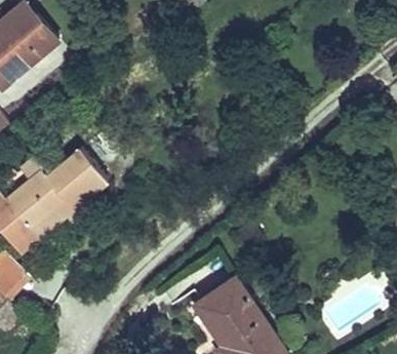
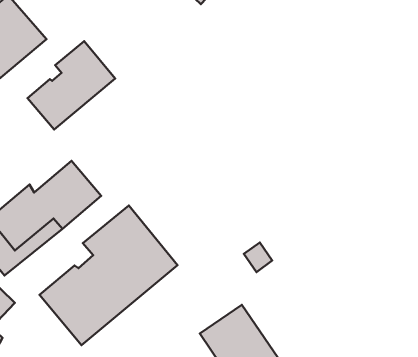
building: none -> [28,41,115,130]
building: none -> [39,205,178,345]

